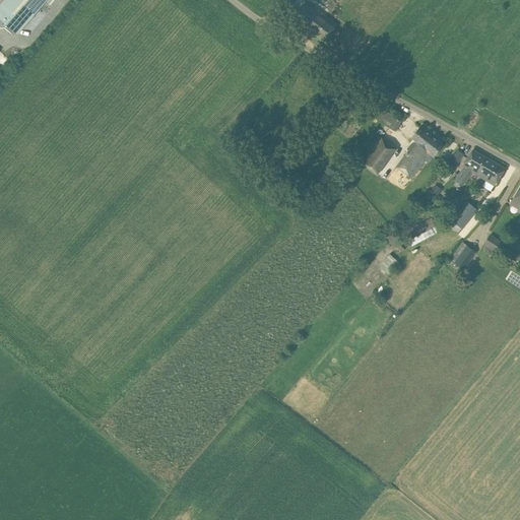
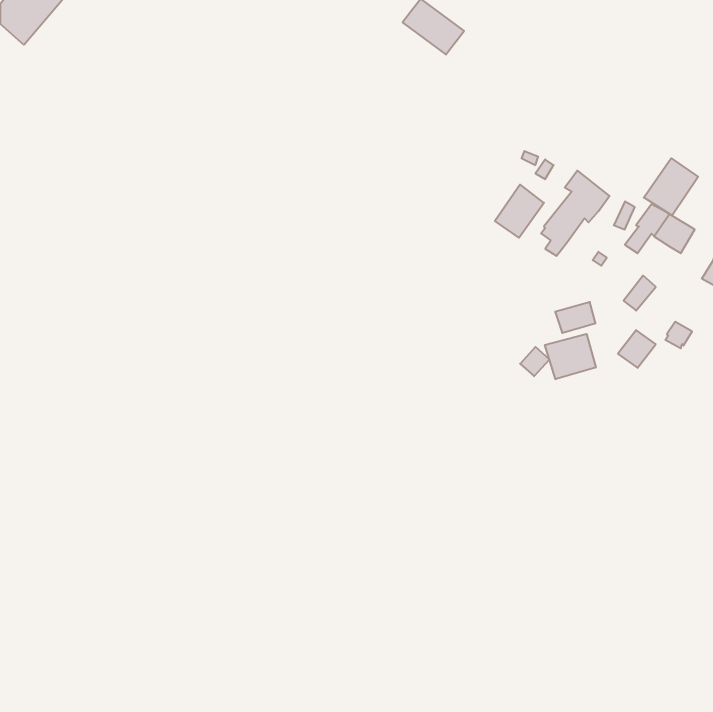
building: none -> [644,158,698,215]
building: none -> [545,334,596,379]

